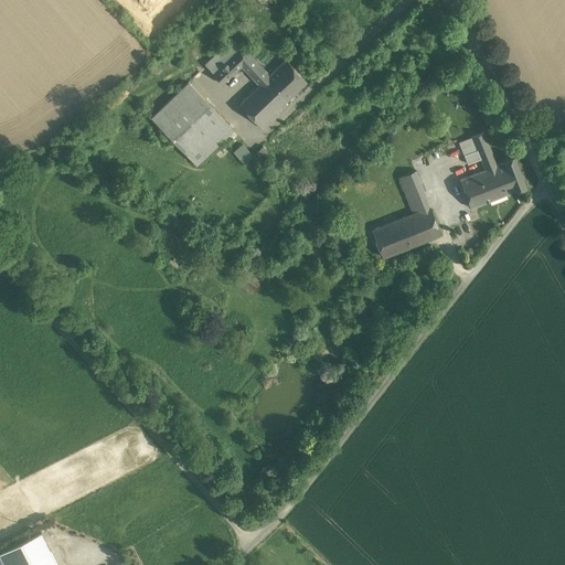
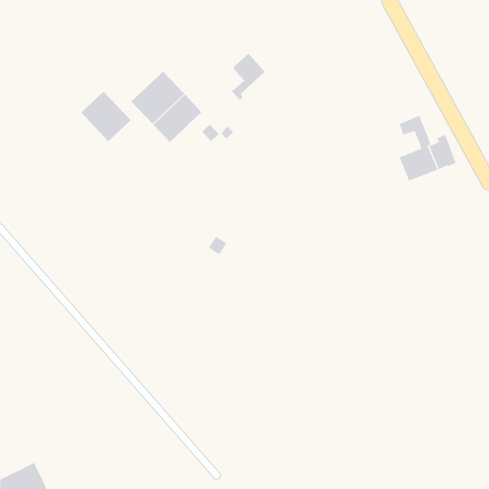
building: [213,49,280,129] -> none
building: none -> [80,91,131,142]
building: [371,172,440,258] -> none

